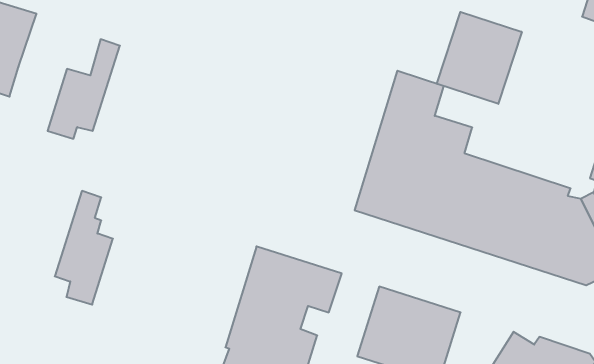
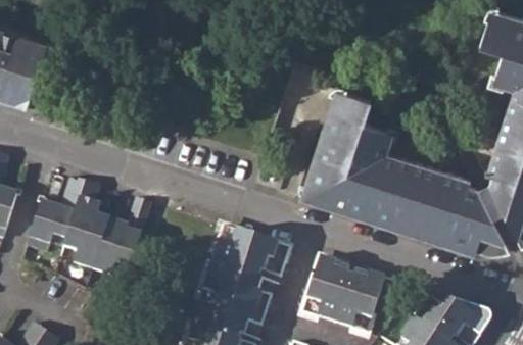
building: [437,12,522,104] -> none
building: [48,39,120,139] -> [28,179,85,257]
building: none -> [93,200,151,280]

